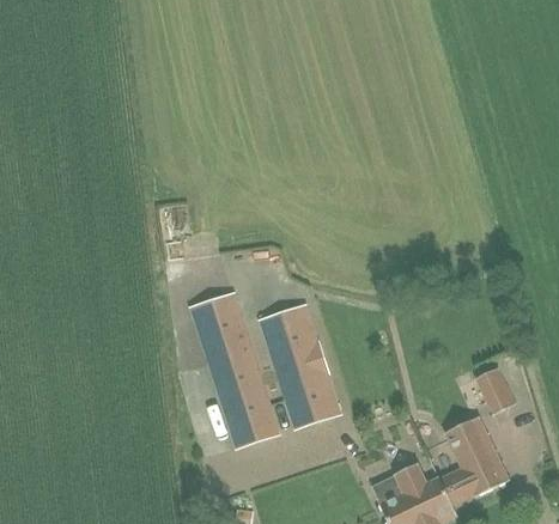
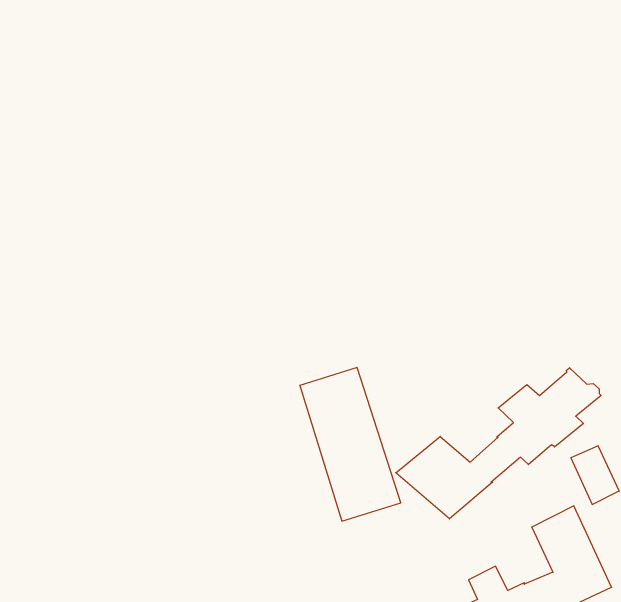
building: [190,294,278,446] -> none
building: none -> [396,368,601,519]

